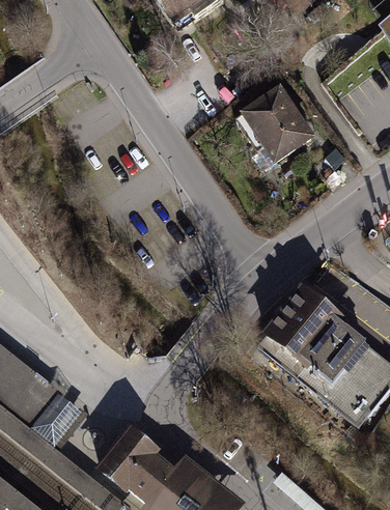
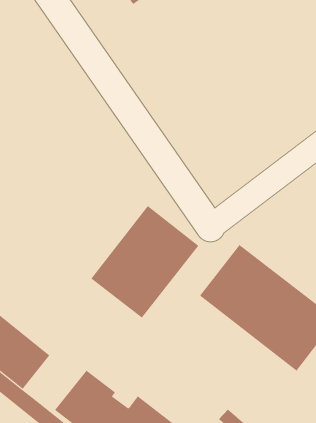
building: [230,84,309,170] -> none
building: none -> [91,205,199,319]

